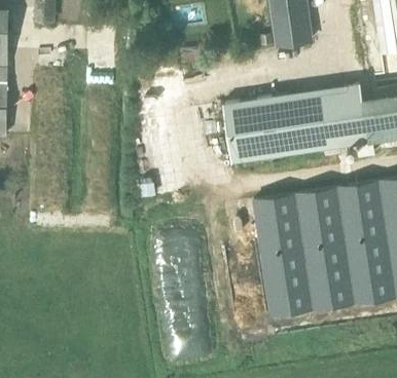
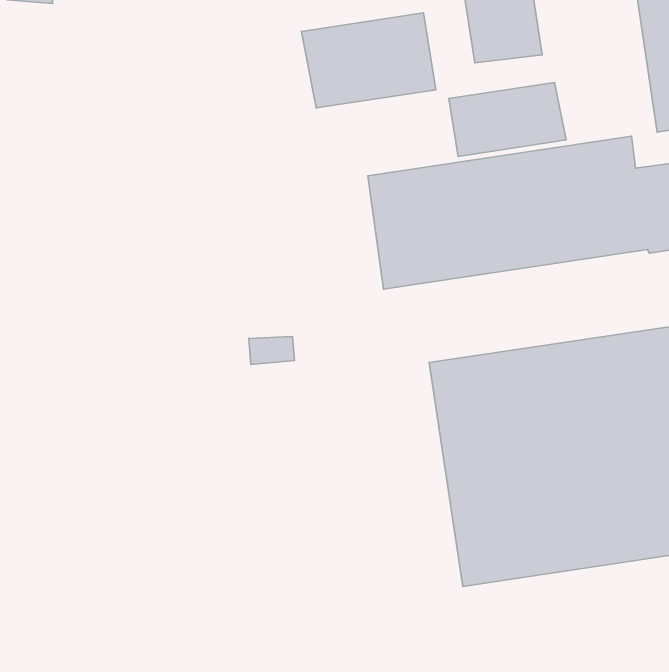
building: none -> [301,13,436,108]
building: none -> [449,82,566,157]

